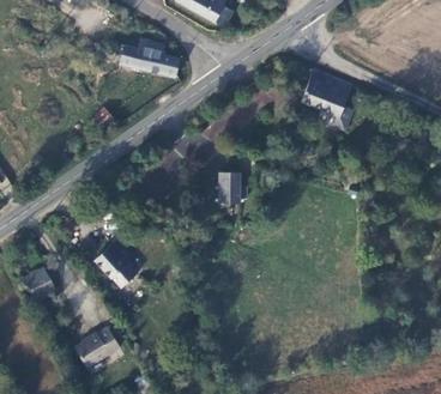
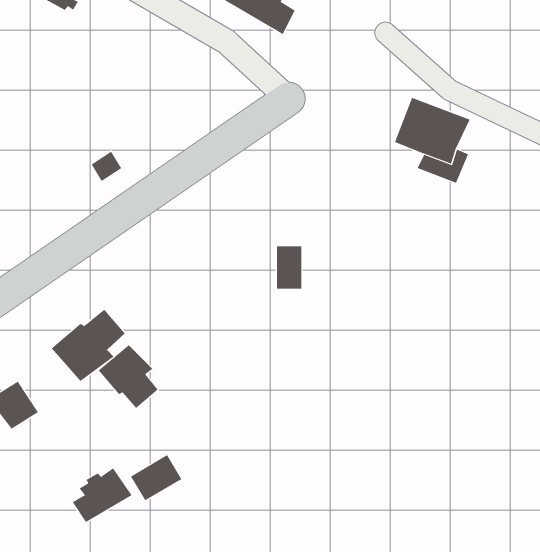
building: [111,41,177,78] -> none
building: none -> [51,309,125,382]
building: none -> [130,454,182,501]

